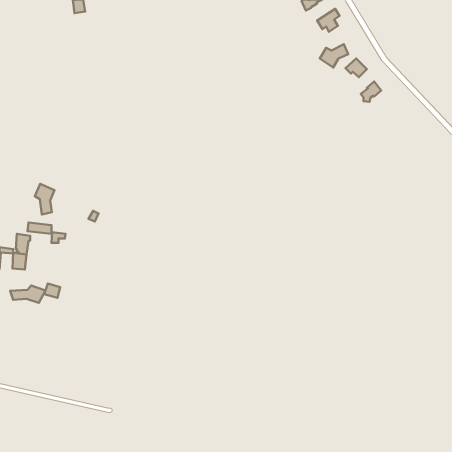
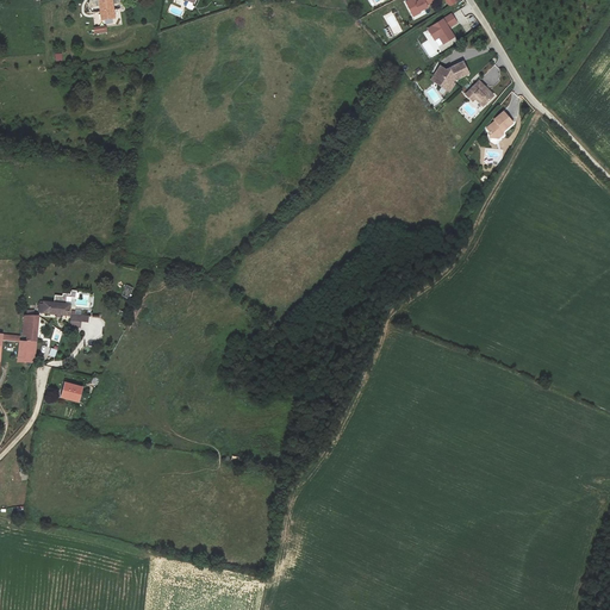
building: [35,184,54,214] -> none
building: [10,285,46,303] -> none

